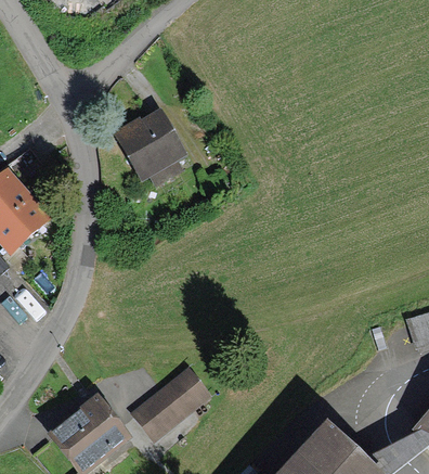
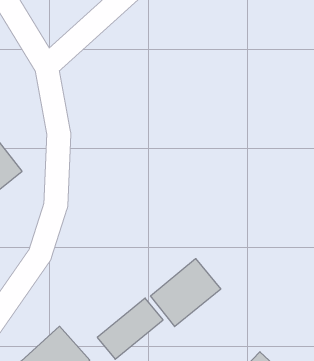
building: [116,112,184,181] -> none
building: none -> [151,259,221,327]

